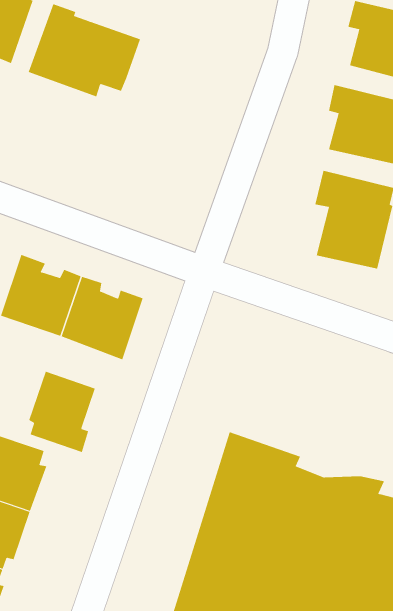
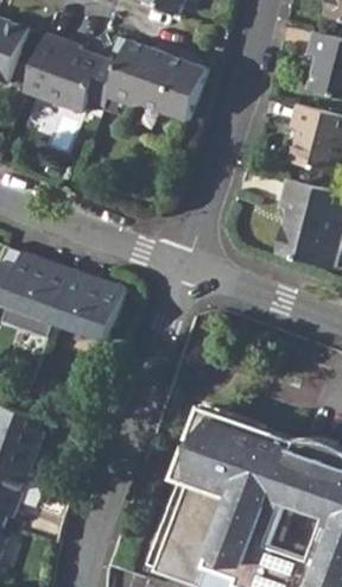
building: none -> [112,40,207,119]
building: [28,371,95,453] -> none

